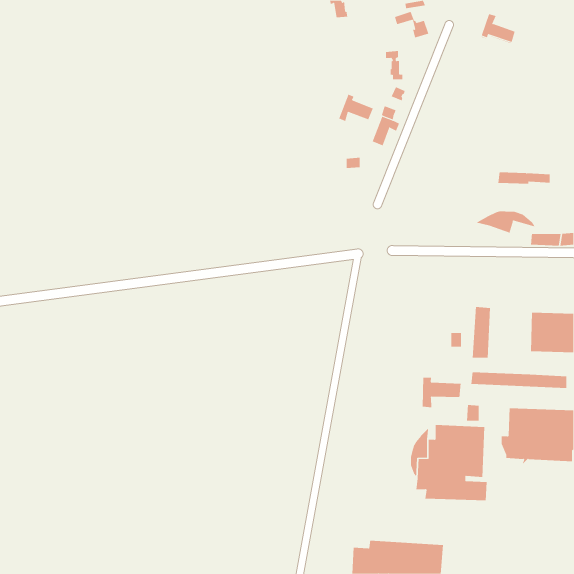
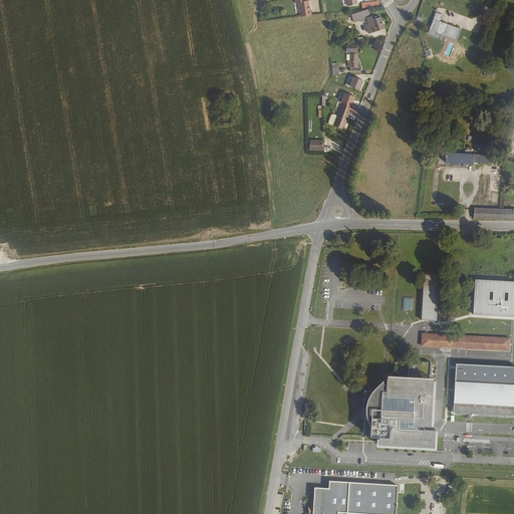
building: [339,94,374,122] -> none
building: [475,211,536,233] -> none
building: [422,377,461,408] -> none

